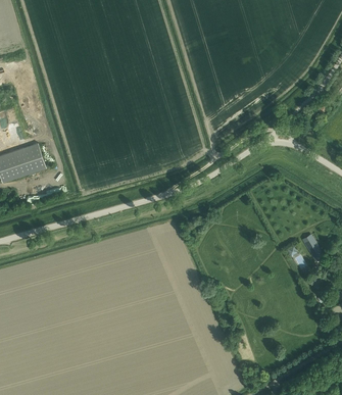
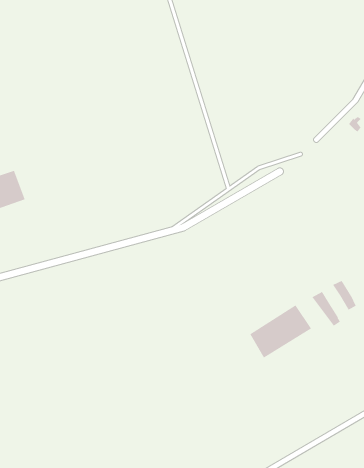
building: none -> [250,305,312,358]

